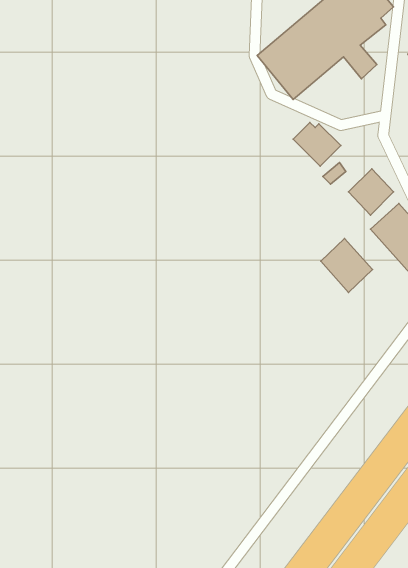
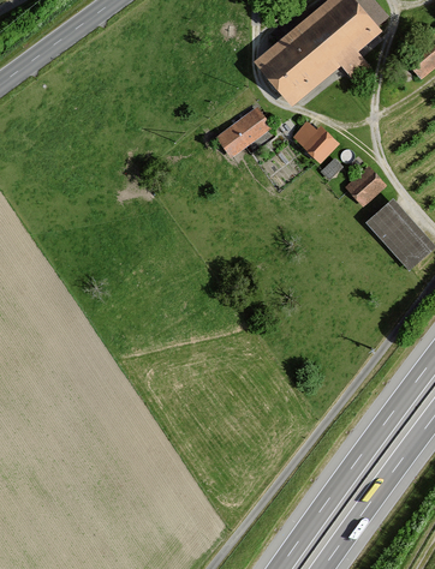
building: none -> [215,108,270,157]
building: [321,239,372,292] -> none

